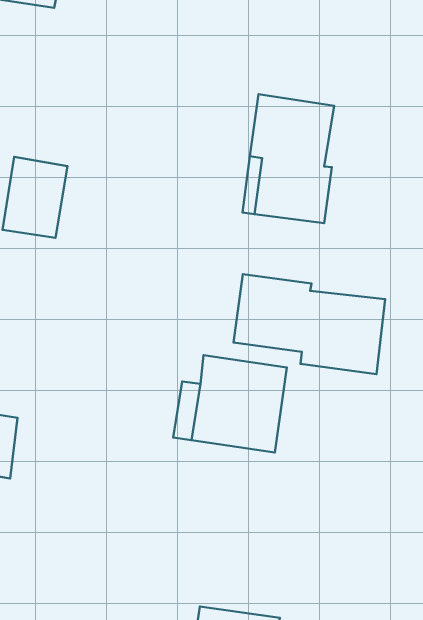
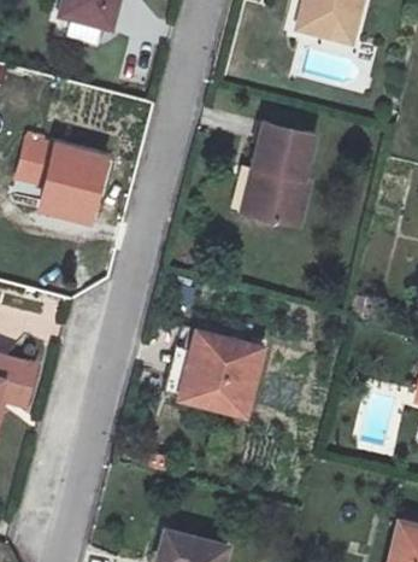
building: [233,274,385,374] -> none

